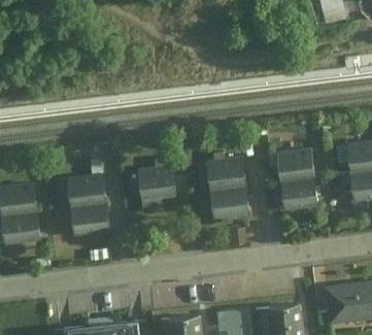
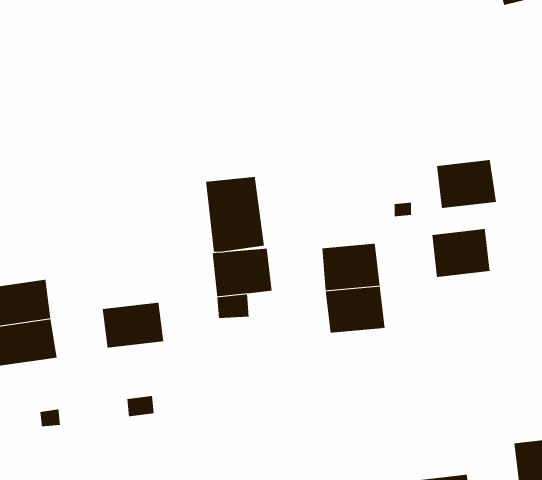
building: none -> [206,176,264,253]
building: [68,171,107,200] -> none
building: [281,176,319,207] -> [436,159,497,209]

